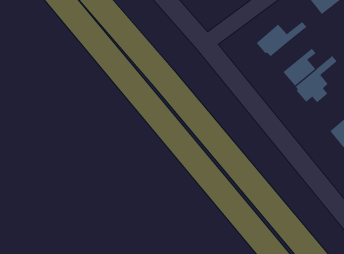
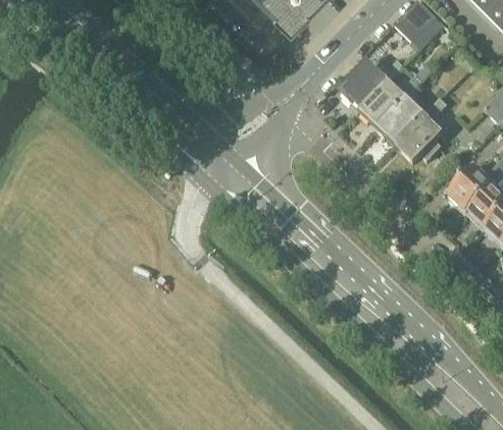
building: none -> [363,67,435,129]

